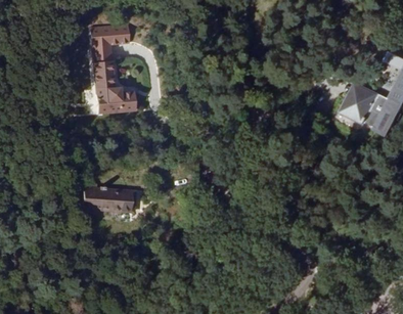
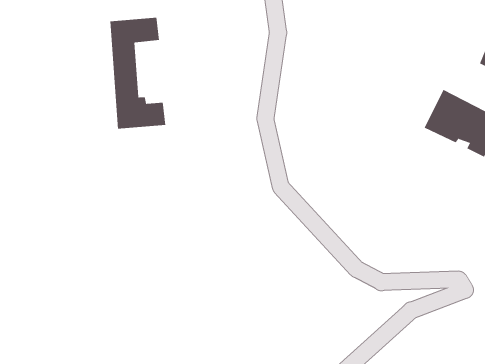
building: [80,186,133,212] -> none

